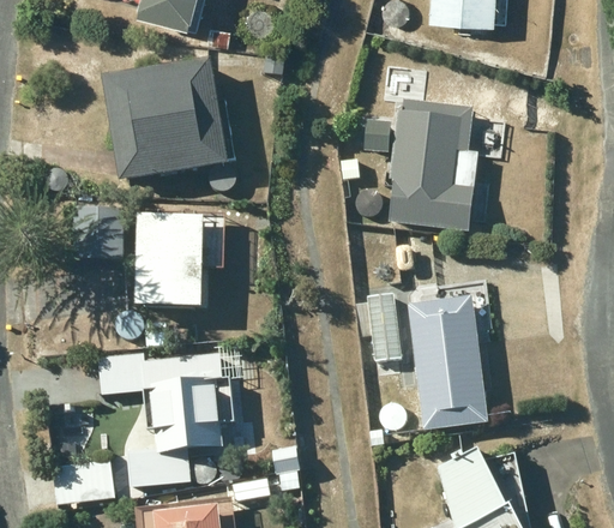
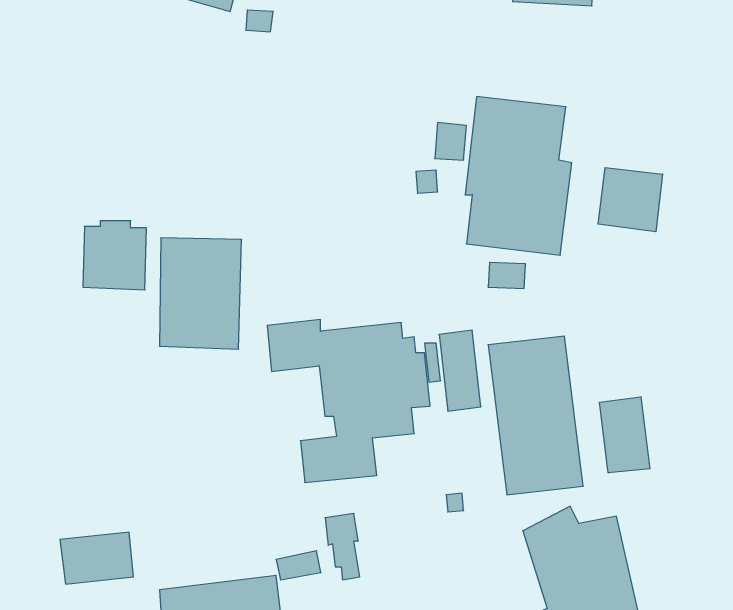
building: [102,54,228,182] -> none
building: none -> [598,168,663,232]
building: none -> [600,397,650,473]
building: [98,353,234,488] -> [267,320,430,483]

